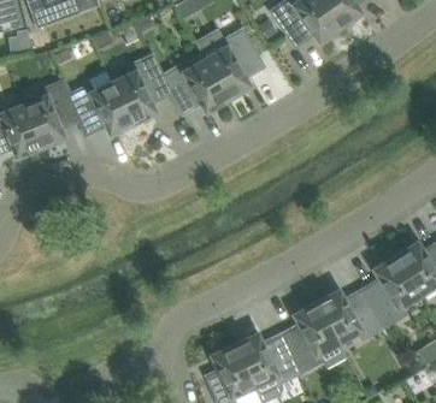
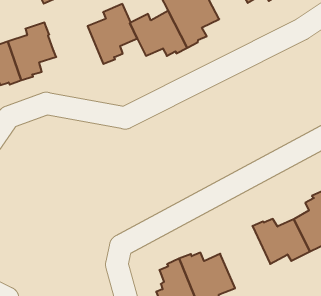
building: [69,83,134,135] -> none
building: [281,301,338,373] -> none

